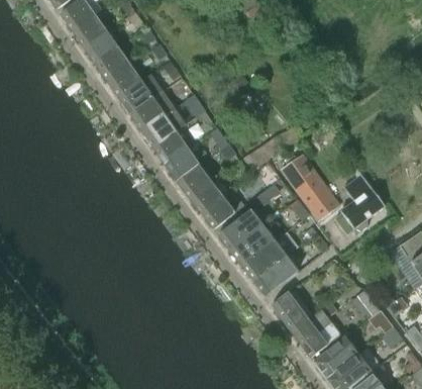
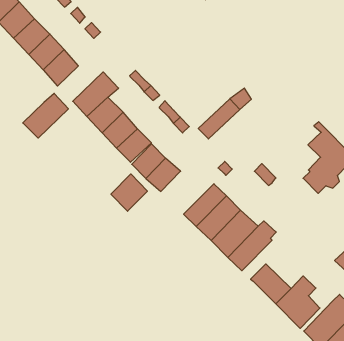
building: [118,76,163,115] -> [23,93,68,138]
building: [281,155,339,221] -> none
building: [200,195,234,229] -> [111,174,147,211]

